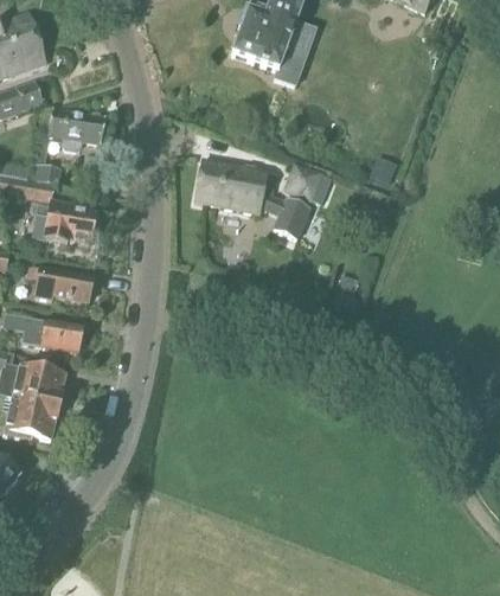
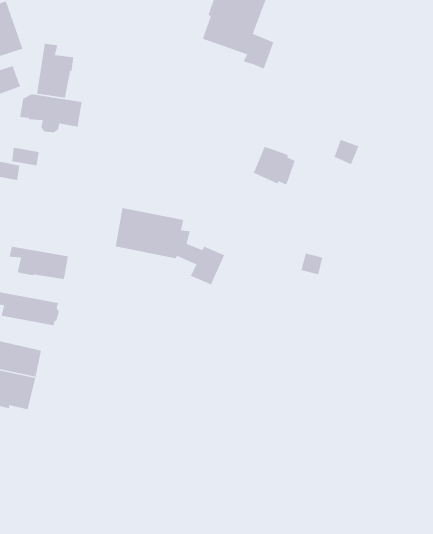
building: none -> [36,43,74,99]
building: [195,156,310,238] -> [115,207,225,285]
building: [33,201,96,245] -> none

